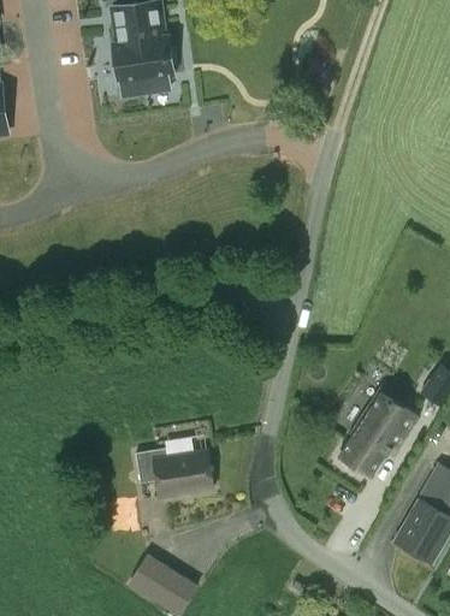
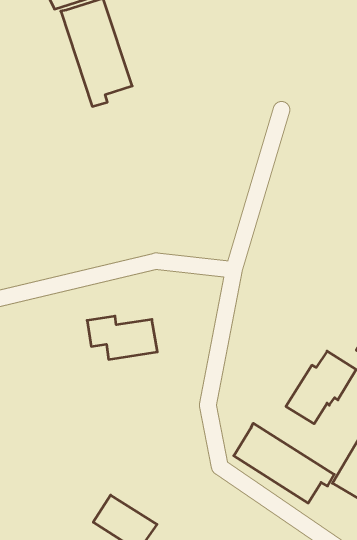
building: [136,448,214,496] -> [87,316,157,359]
building: none -> [234,423,334,503]

